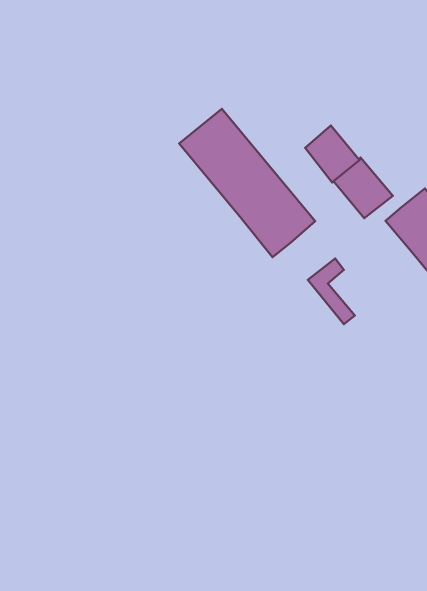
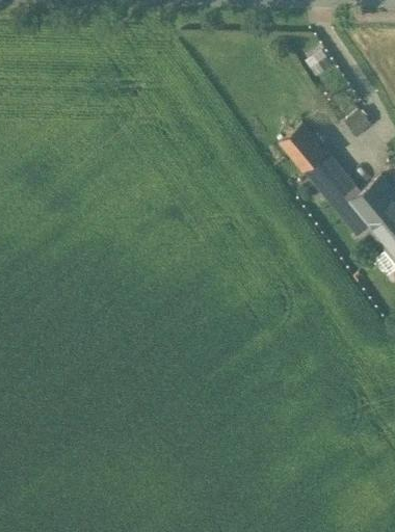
building: [179,109,315,257] -> none
building: [308,259,355,324] -> [328,183,368,238]

